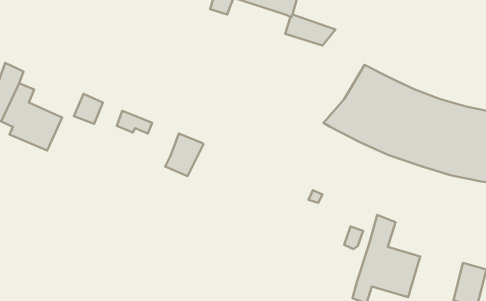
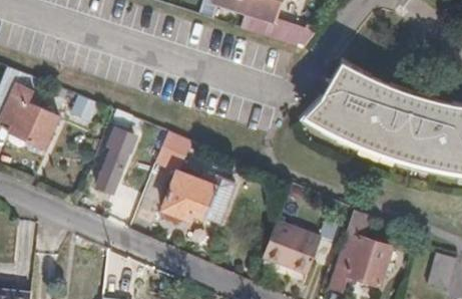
building: none -> [96,128,135,192]
building: none -> [163,170,220,221]
building: none -> [263,220,326,275]

